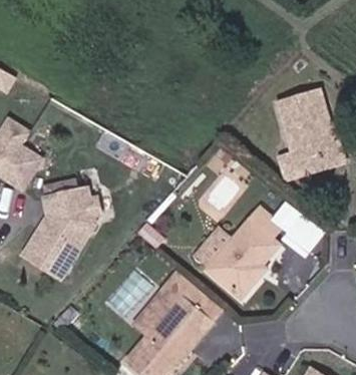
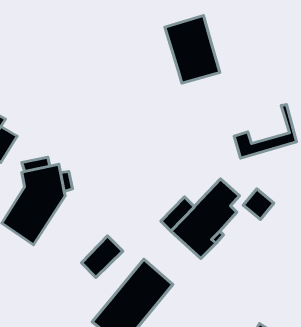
building: [280,91,341,166] -> [165,15,220,83]
building: [132,273,222,336] -> none

